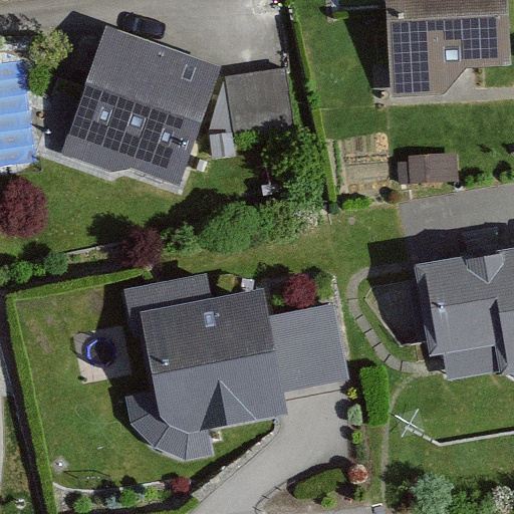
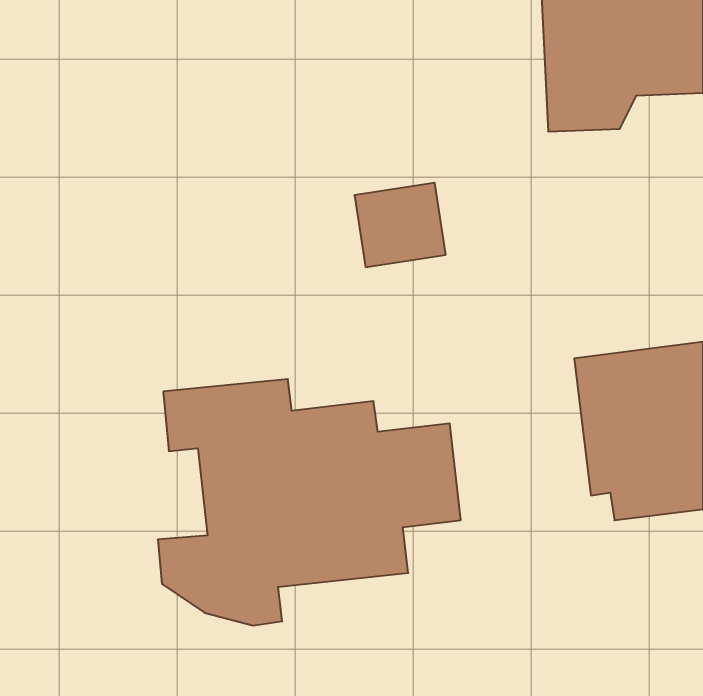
building: [61,24,220,184] -> none
building: [225,72,291,134] -> [354,183,446,267]

